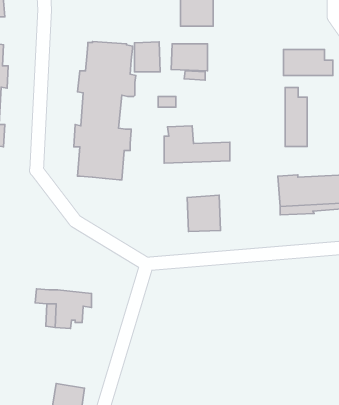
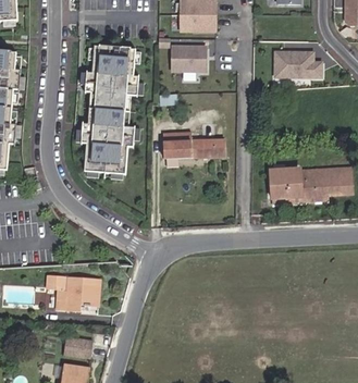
building: [134,42,160,72] -> none
building: [285,87,307,146] -> none
building: [187,195,221,231] -> none
building: none -> [64,335,92,358]

